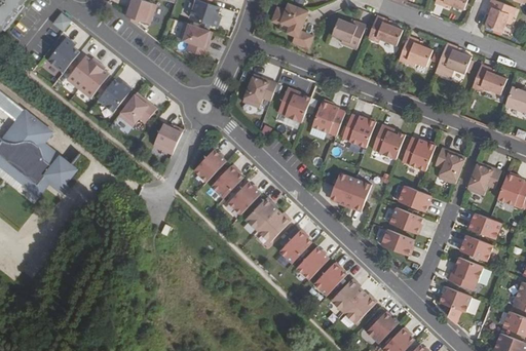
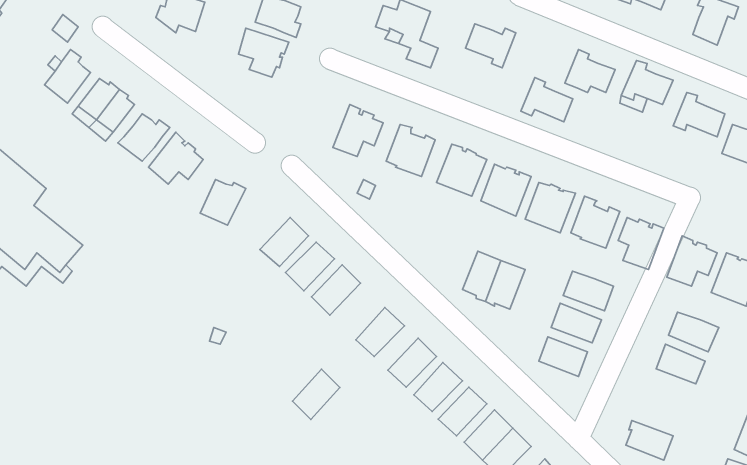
building: [368,15,403,45] -> [521,78,573,122]
building: [246,197,277,231] -> [293,369,340,419]
building: [447,256,482,289] -> none

